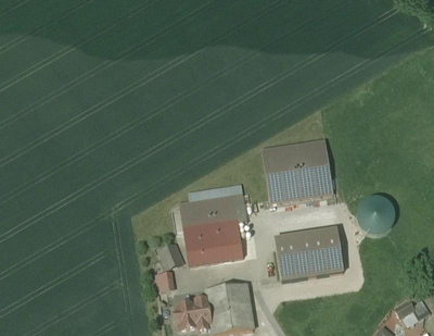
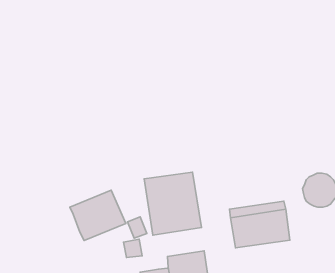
building: [261,140,333,202] -> none
building: none -> [70,190,126,241]

